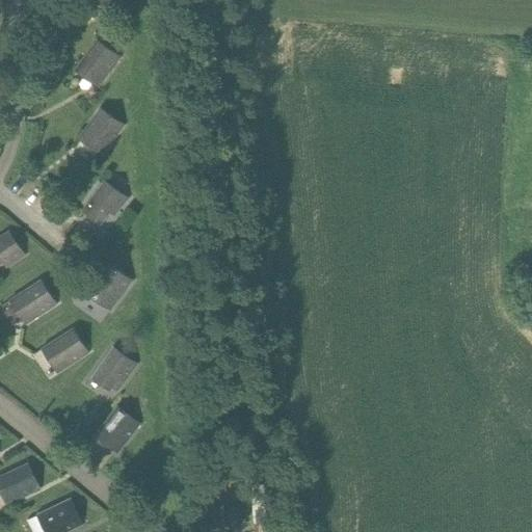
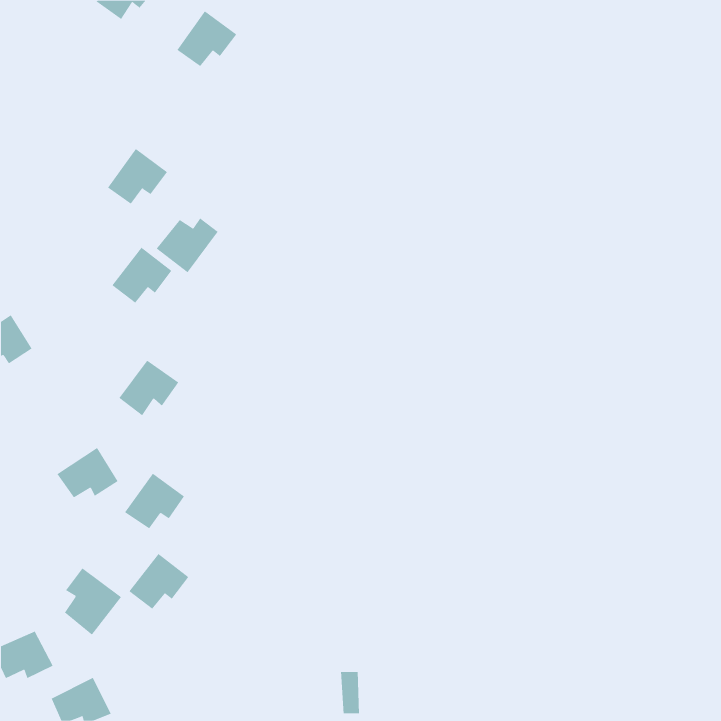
building: [75,41,119,82] -> [176,10,237,67]
building: none -> [156,218,219,273]
building: [9,281,56,319] -> none
building: none -> [64,568,122,636]

